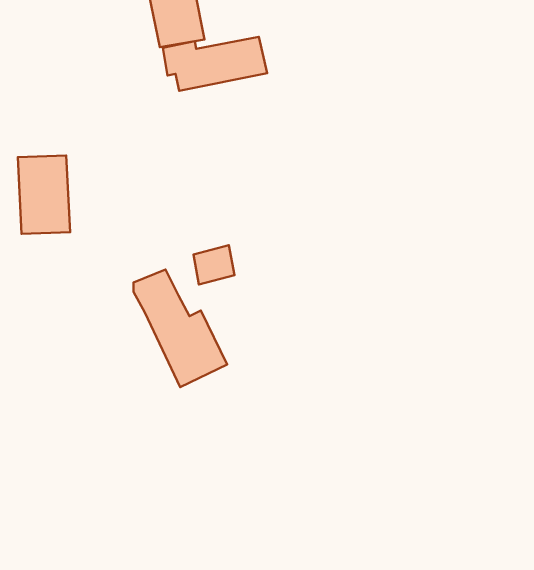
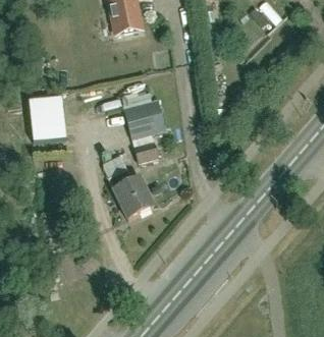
building: [163,37,267,91] -> none
building: none -> [123,99,165,136]

